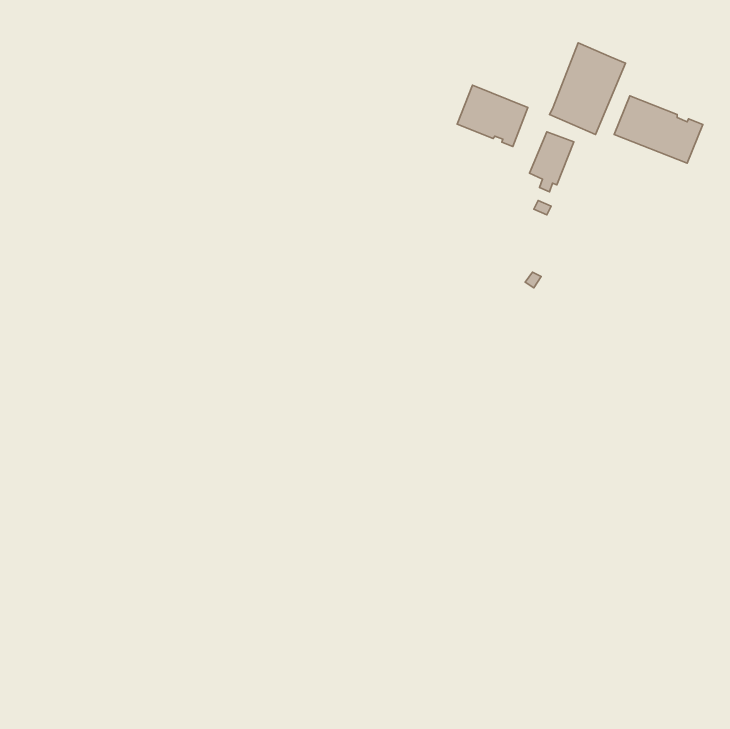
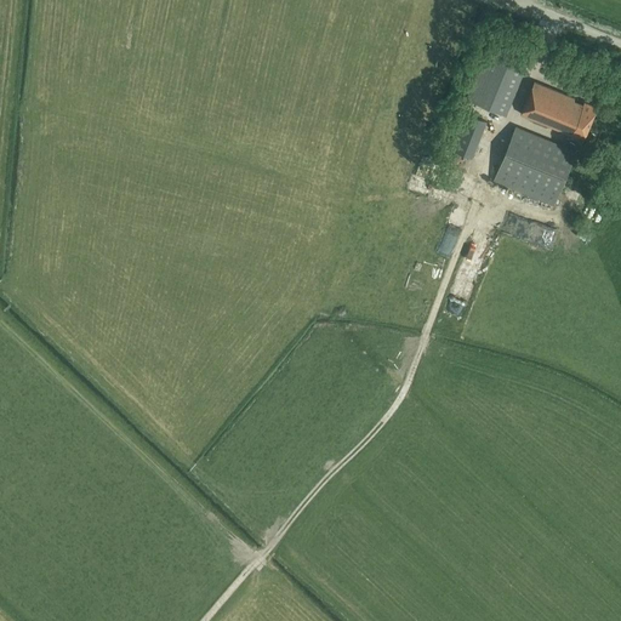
building: [457,85,528,146] -> none
building: none -> [494,127,576,206]

